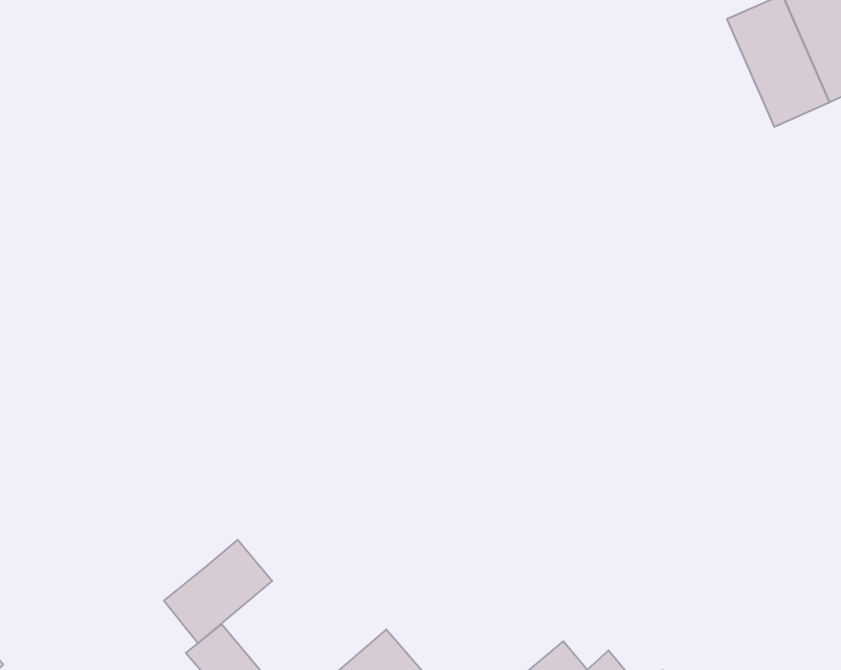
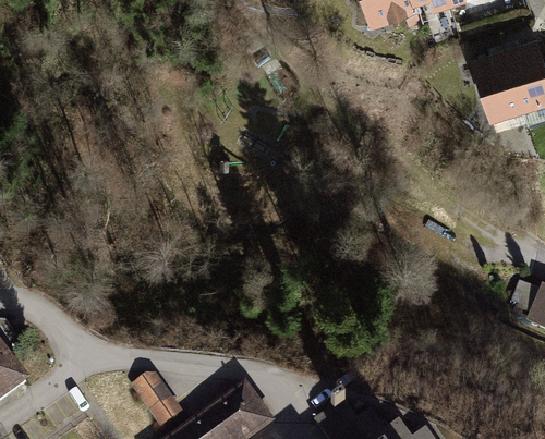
building: [164,540,272,643] -> none

